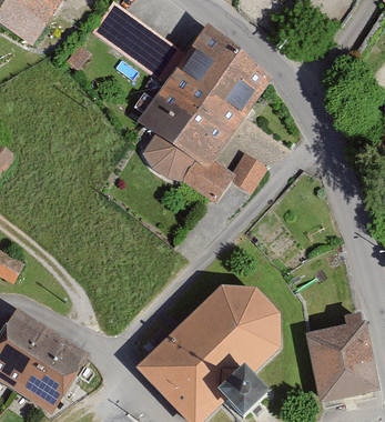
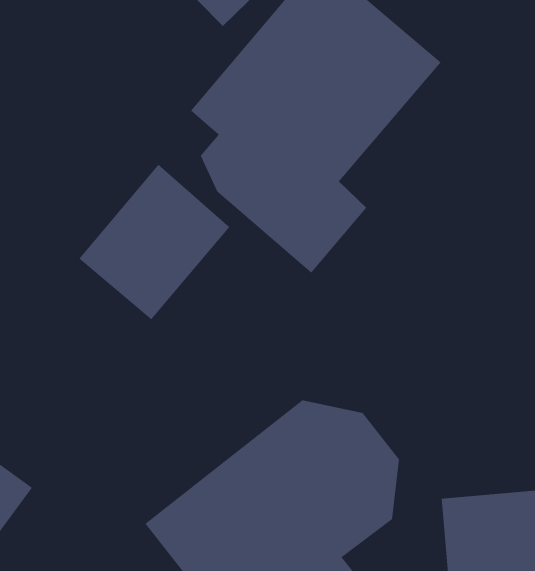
building: none -> [78,164,230,320]

